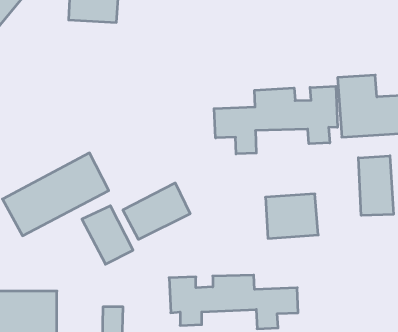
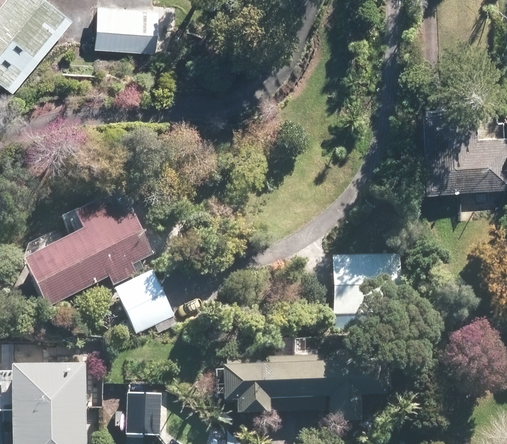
building: [214,86,337,154] -> none
building: [358,156,393,215] -> none
building: [123,183,190,239] -> none

